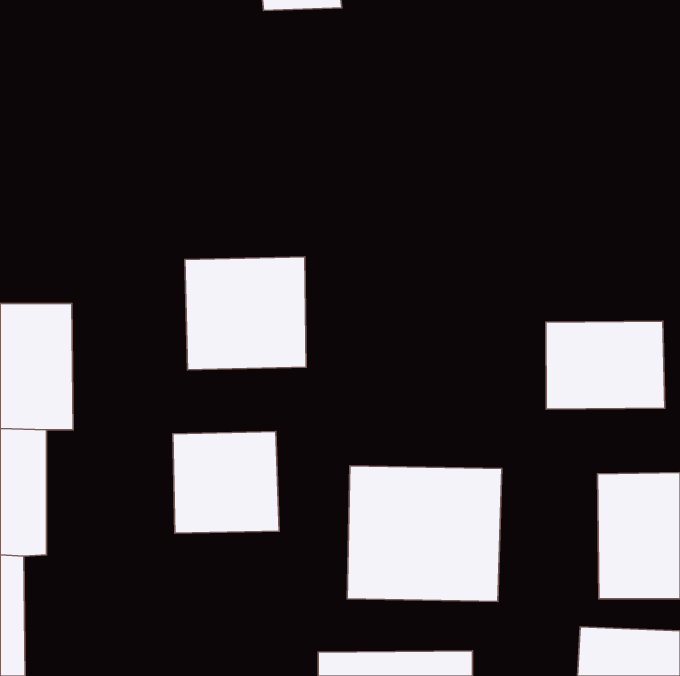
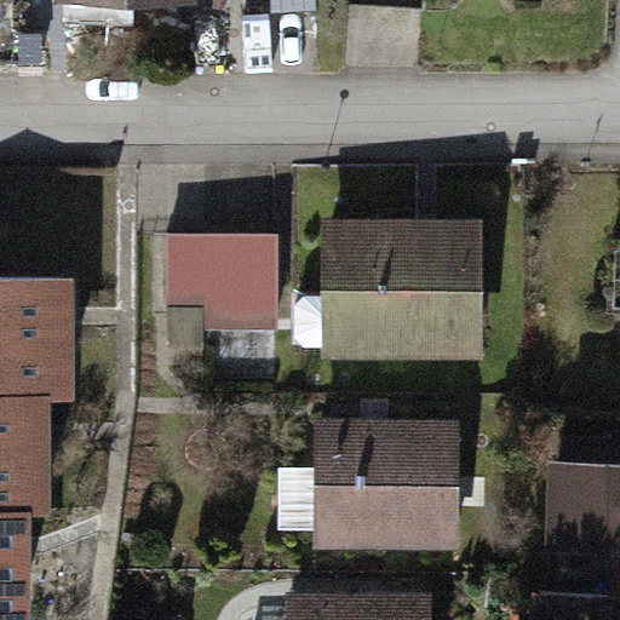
building: none -> [327,219,481,361]
building: [546,321,665,409] -> none
building: [173,432,279,533] -> none

